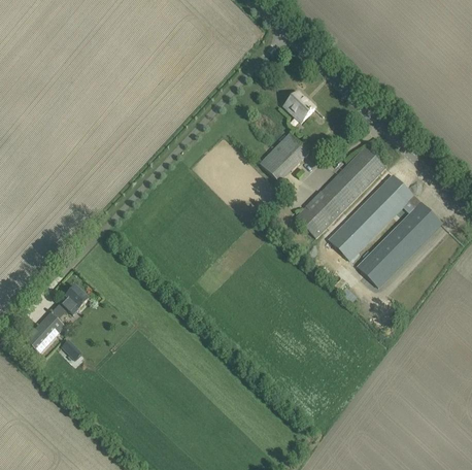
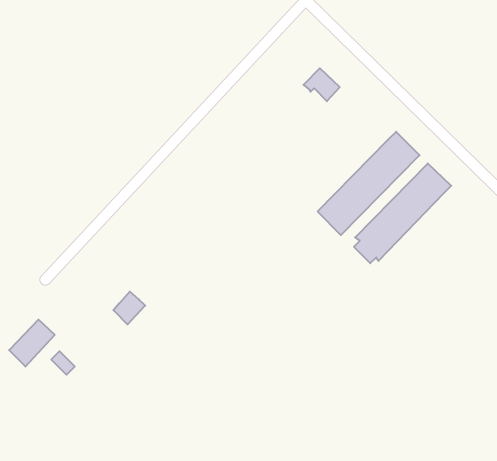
building: [260,132,309,182] -> none
building: [358,194,442,287] -> none
building: [61,286,89,314] -> [113,292,145,324]

